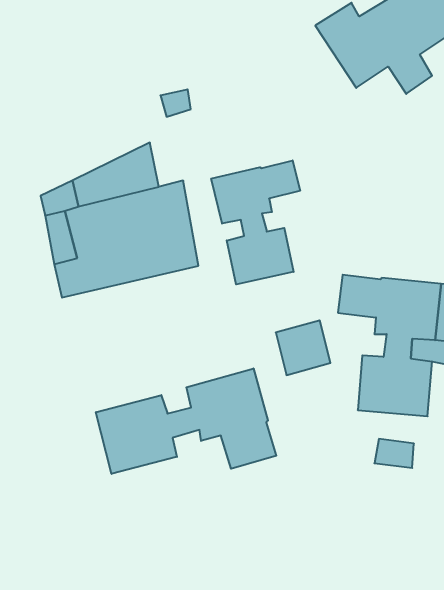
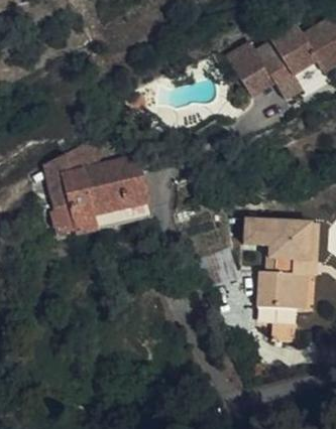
building: [211,160,300,284] -> none
building: [96,368,276,474] -> none

